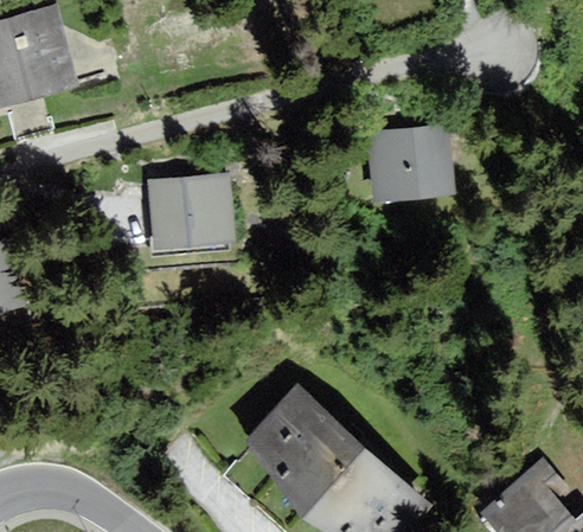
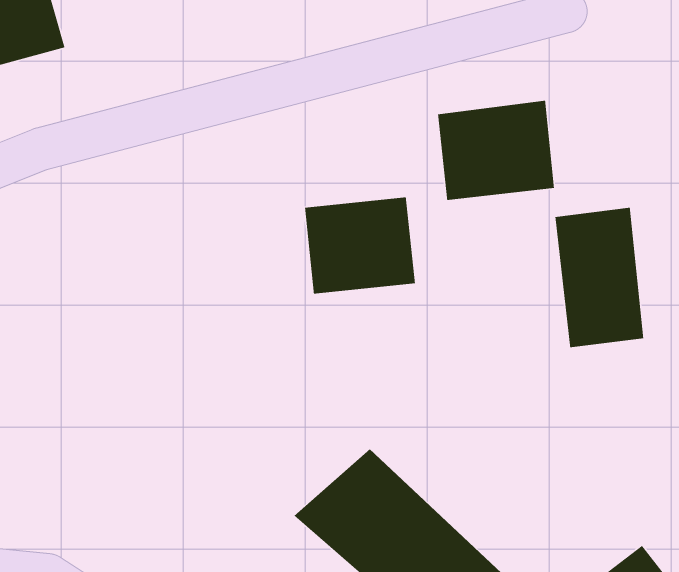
building: [146,175,232,251] -> [304,197,416,294]
building: none -> [555,207,644,348]

